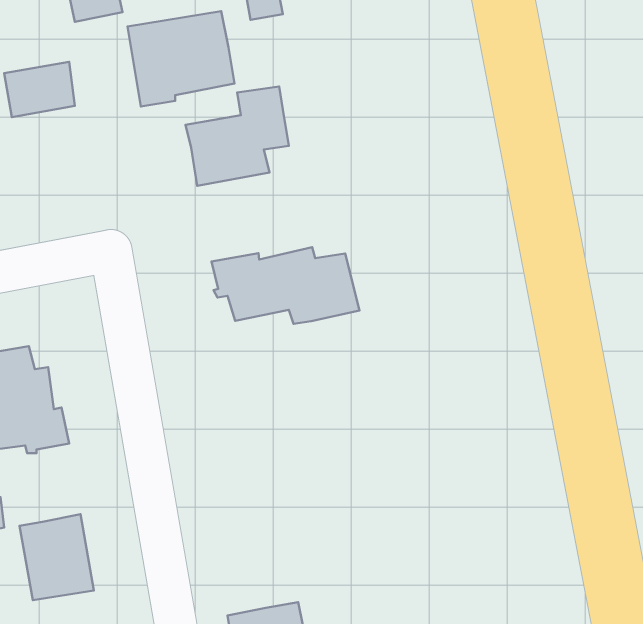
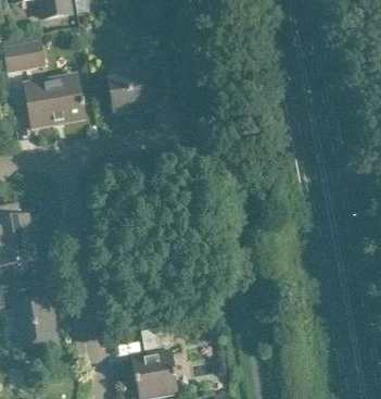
building: [127,11,234,107] -> [23,74,84,128]
building: [212,247,360,324] -> none

